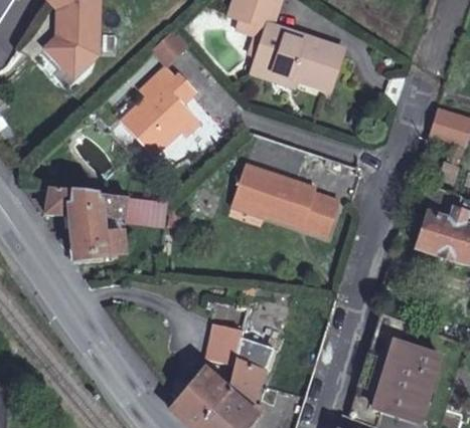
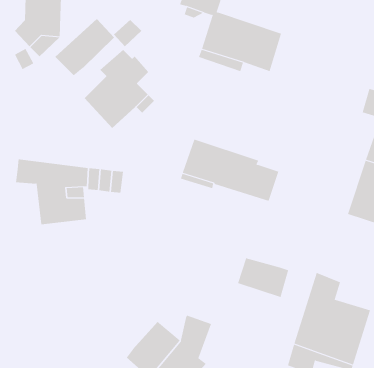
building: none -> [55,18,115,76]
building: none -> [238,257,289,298]
building: [211,319,246,362] -> none

